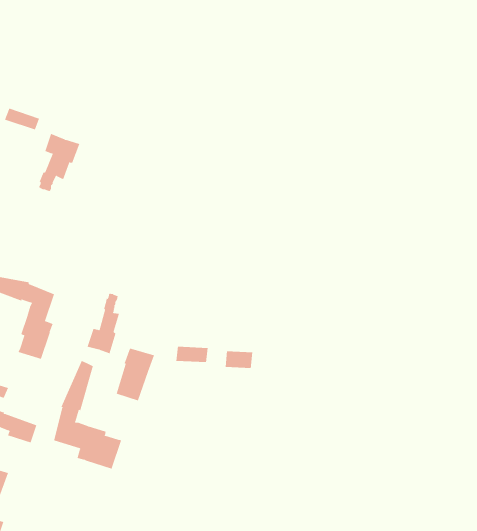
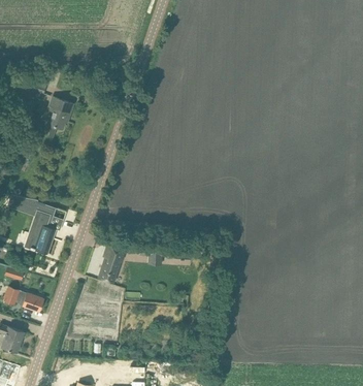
building: [87,293,120,354] -> none
building: [53,360,122,469] -> none

